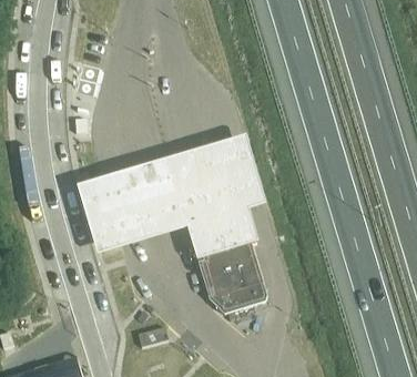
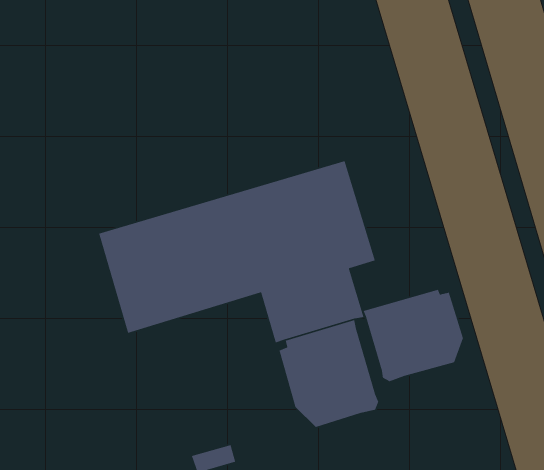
building: none -> [362,289,464,382]

